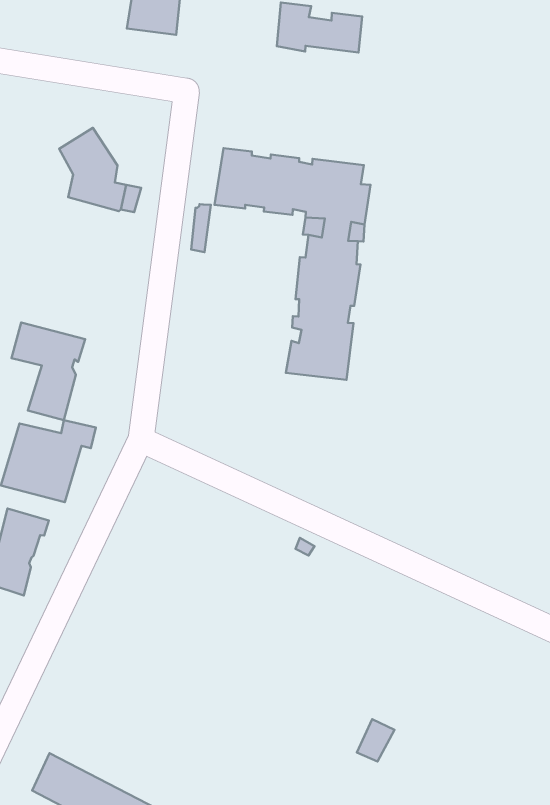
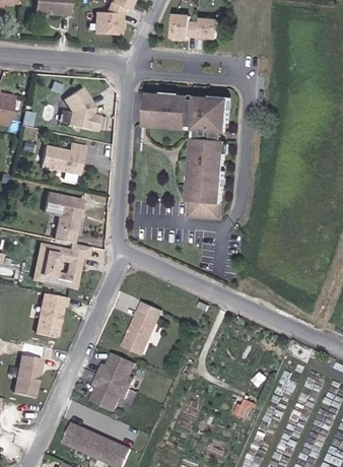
building: none -> [39,143,85,174]
building: none -> [124,309,158,352]
building: none -> [92,351,136,408]

